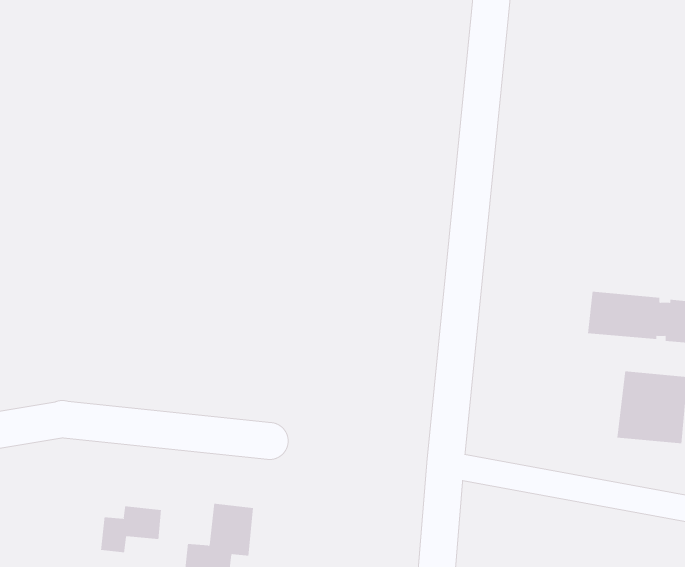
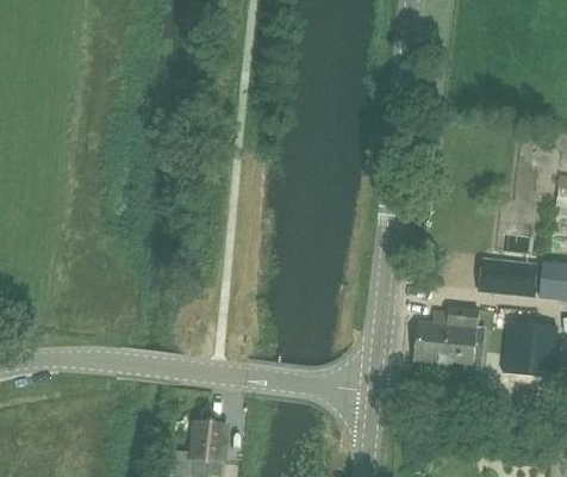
building: none -> [413,306,485,372]
building: [101,505,162,553] -> none

